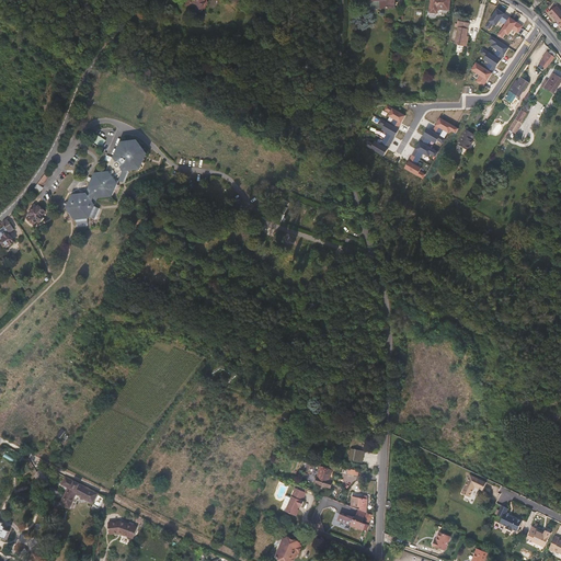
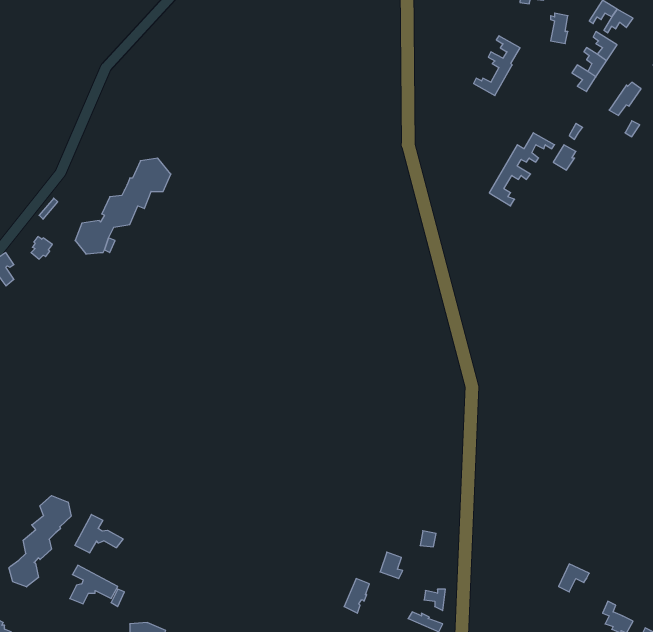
building: [366,106,404,156] -> [474,36,520,96]
building: none -> [9,496,71,587]
building: none -> [75,514,123,553]

